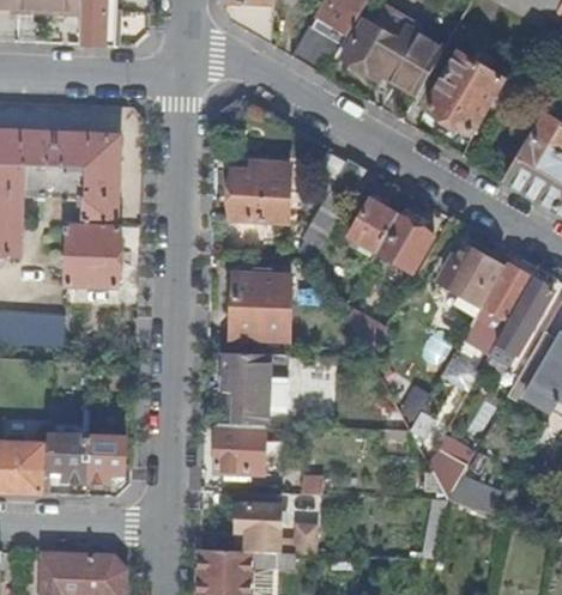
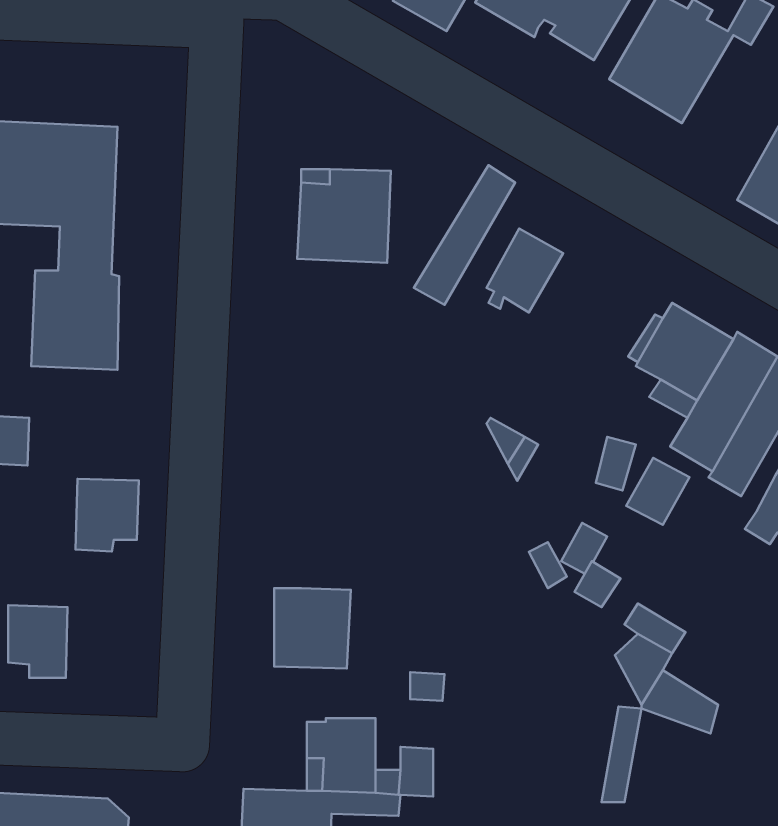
building: [376,207,434,272] -> none
building: [231,273,290,340] -> none
building: [223,352,289,425] -> none
building: [86,436,126,481] -> [76,479,139,551]

